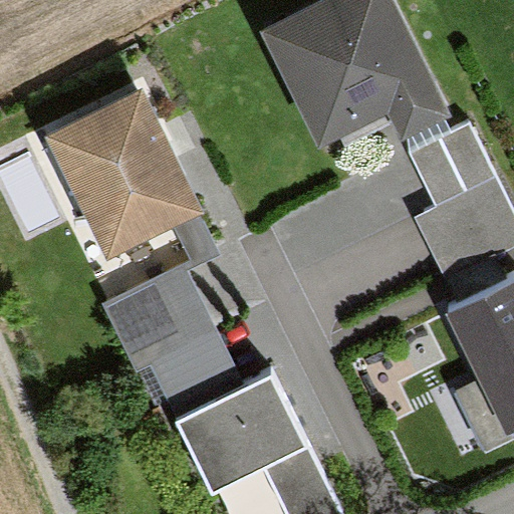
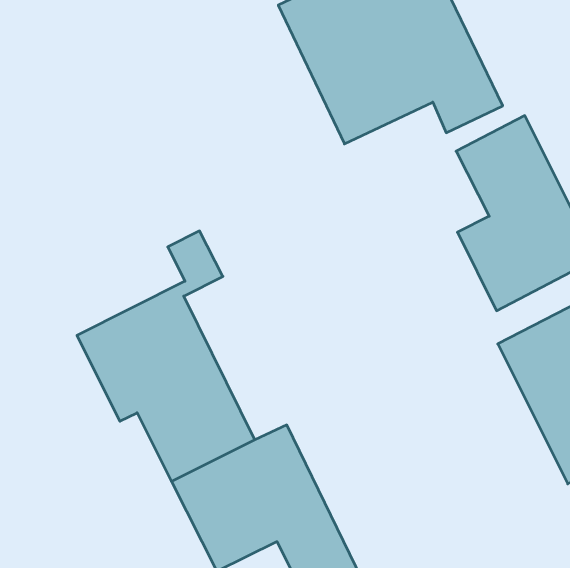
building: [47,87,204,261] -> none

